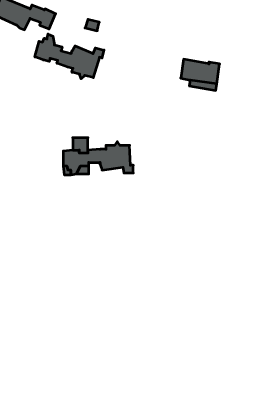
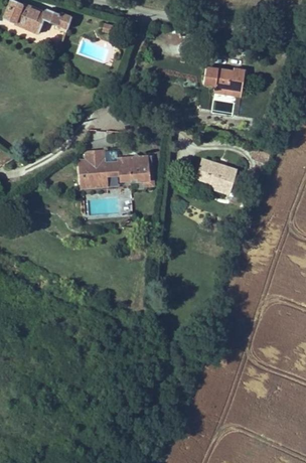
building: [35,34,104,79] -> none
building: none -> [197,159,238,194]

